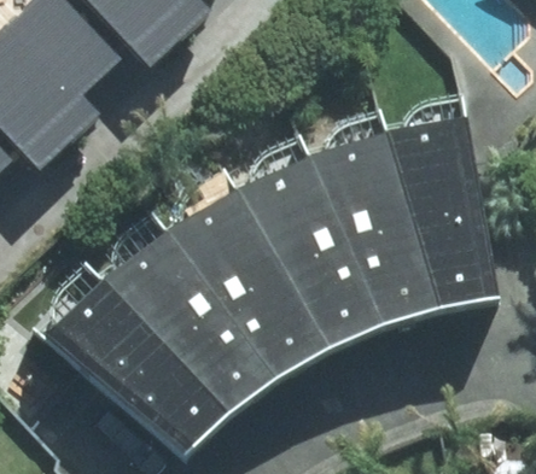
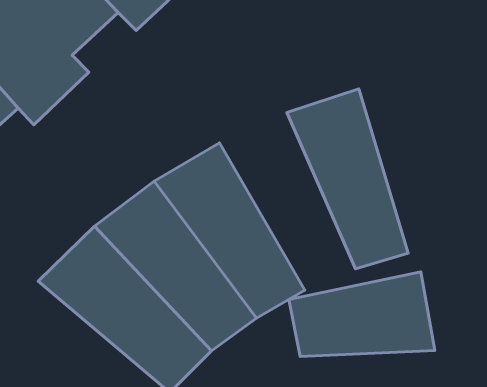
building: [386,118,497,308] -> none
building: [237,157,383,347] -> none
building: none -> [289,272,435,357]

